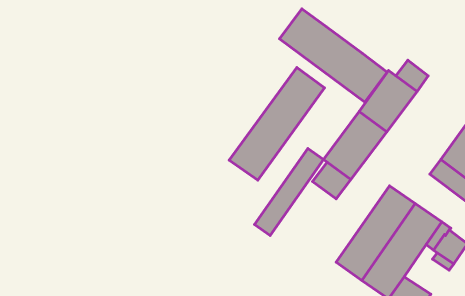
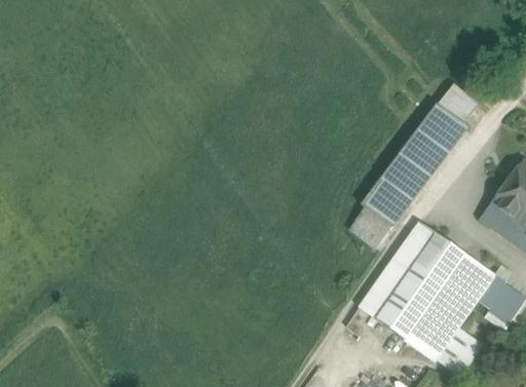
building: [279,9,387,102] -> none
building: [229,68,324,180] -> none
building: [255,148,323,235] -> [360,220,437,317]

